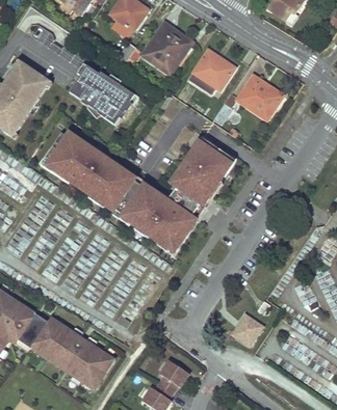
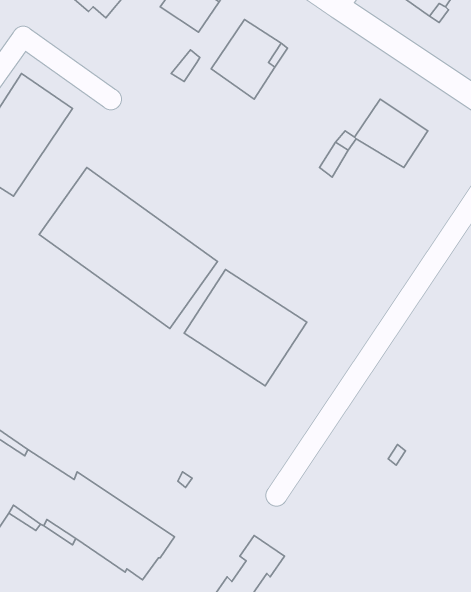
building: [187,49,234,93] -> none
building: [63,62,134,128] -> none
building: [168,135,236,208] -> none
building: [231,312,261,344] -> none

